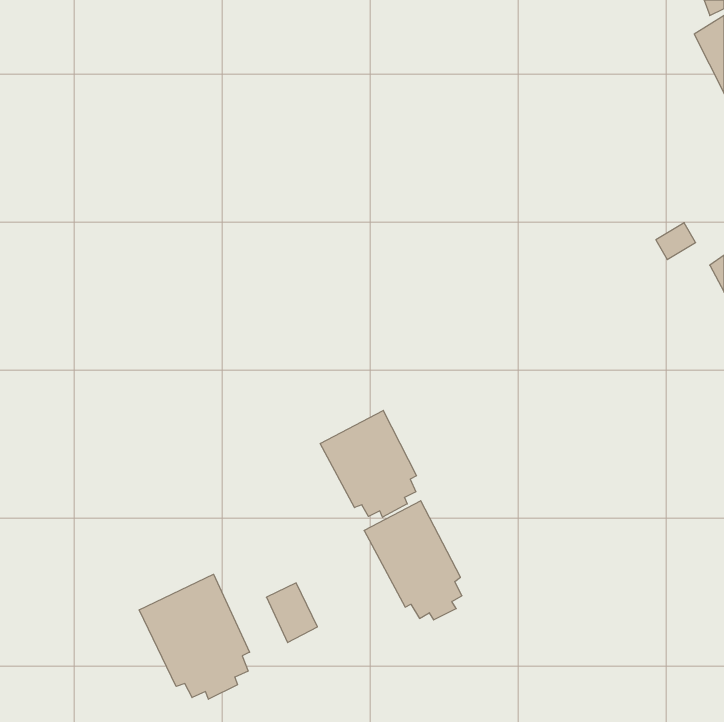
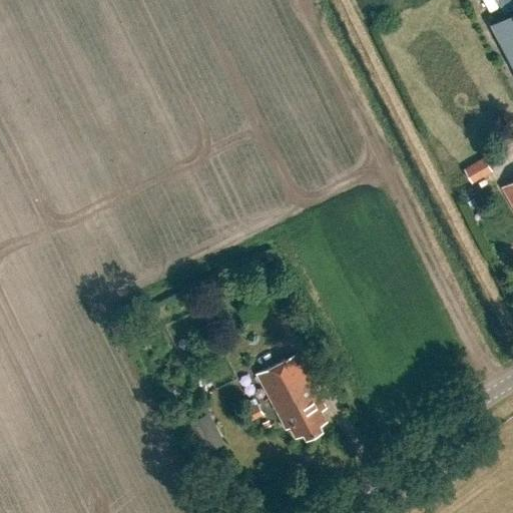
building: [320,410,416,517] -> none
building: [139,574,250,699] -> none

